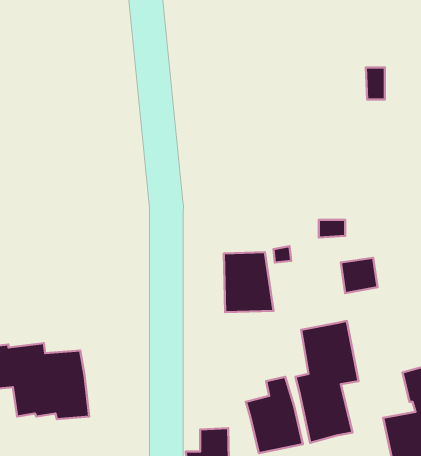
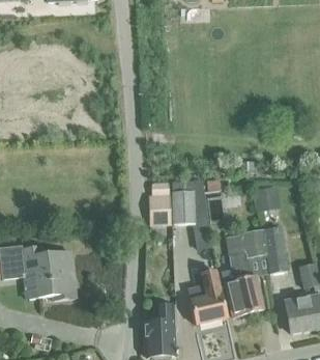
building: none -> [149,193,171,224]
building: none -> [259,226,288,273]

